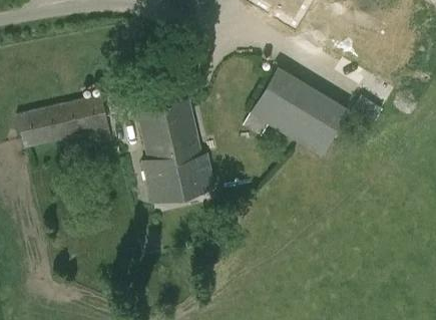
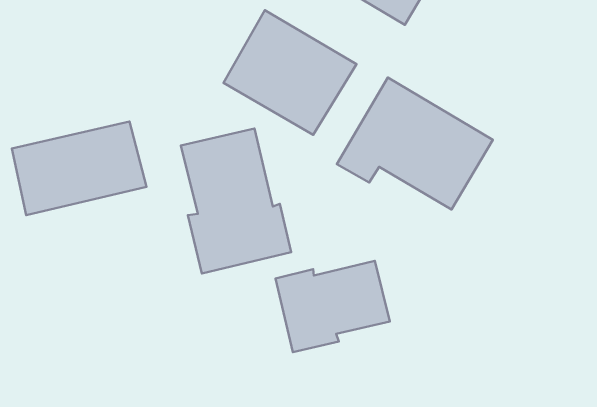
building: none -> [223,10,356,135]
building: none -> [275,261,390,352]

